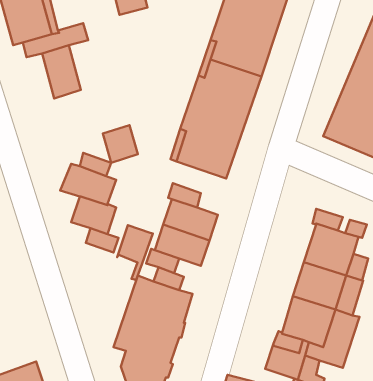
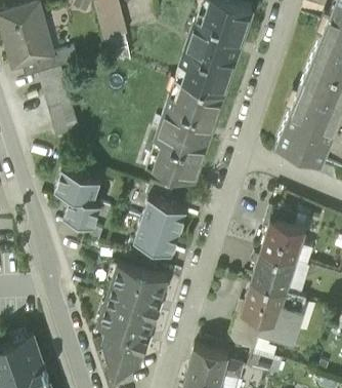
building: [103,125,138,163] -> [49,105,79,137]
building: [117,225,153,280] -> none

